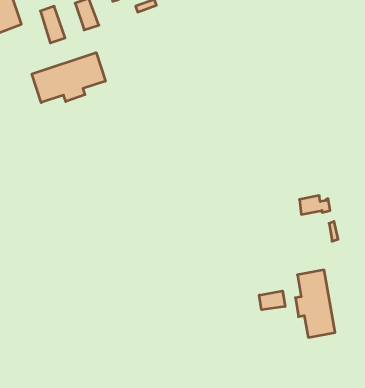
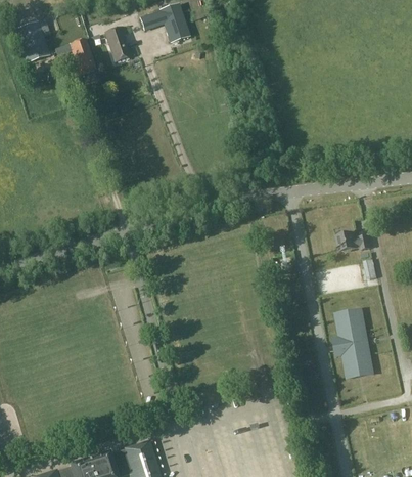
building: [32,53,105,103] -> none
building: [259,291,285,310] -> none

